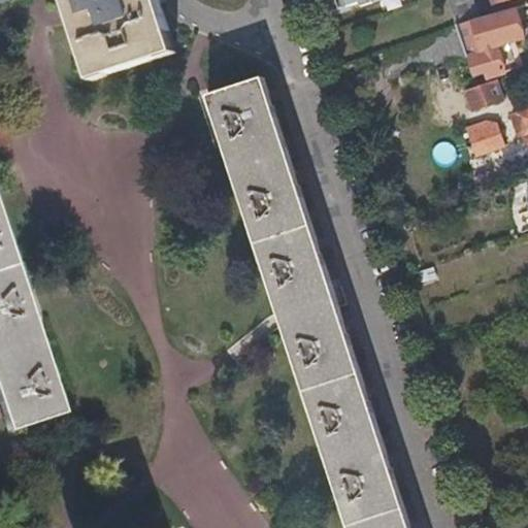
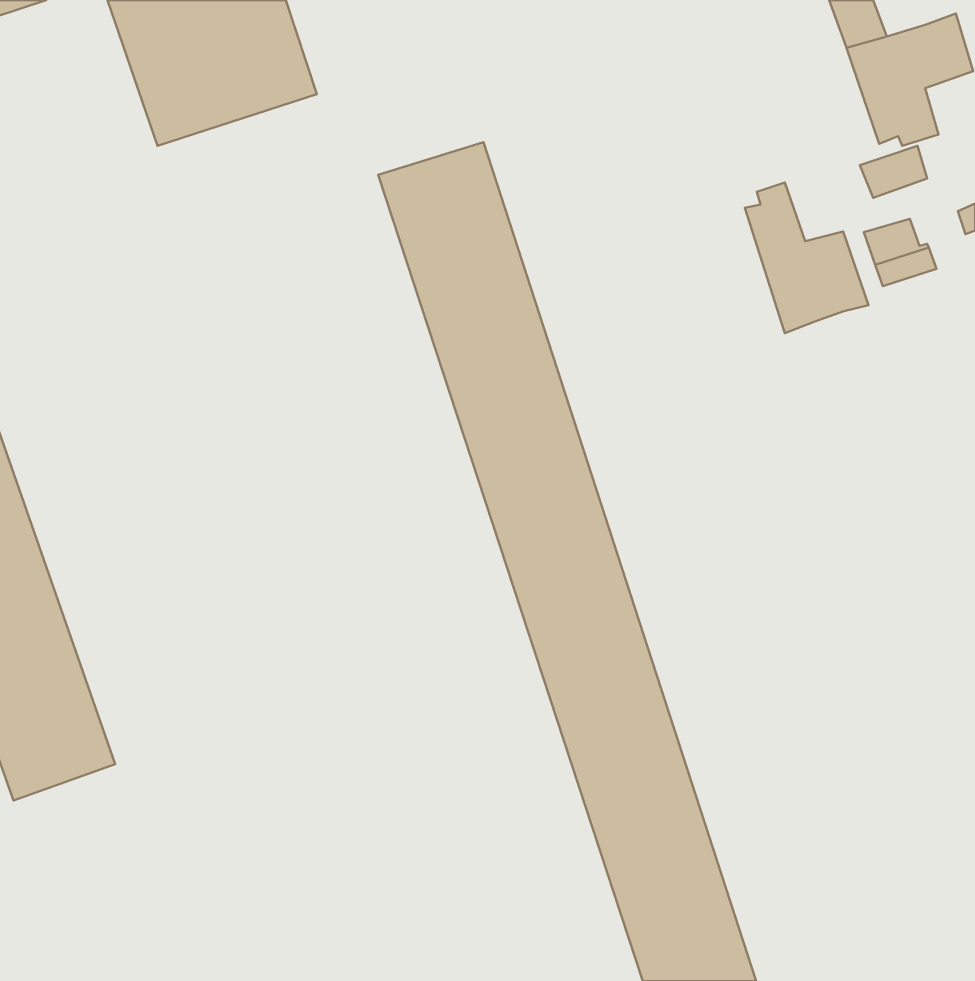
building: none -> [745,182,869,333]

